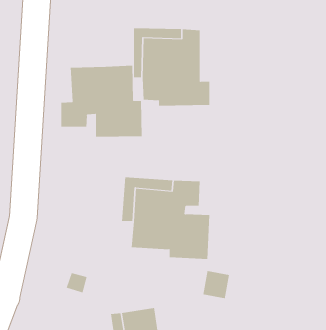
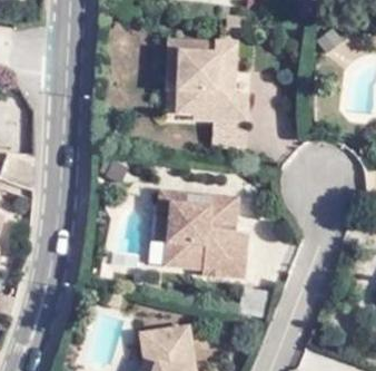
building: [61,65,142,138] -> none

